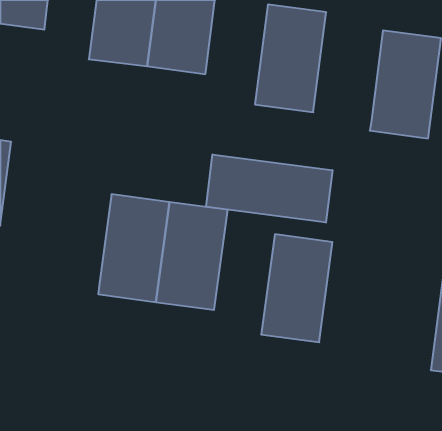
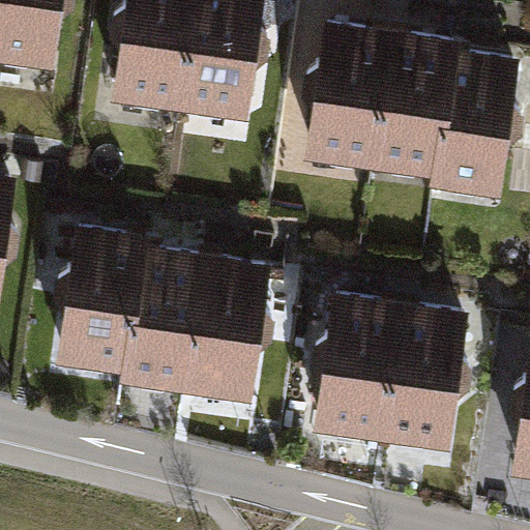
building: none -> [376,31,461,159]
building: [206,154,332,223] -> none
building: none -> [52,228,137,356]
building: none -> [383,304,468,432]

